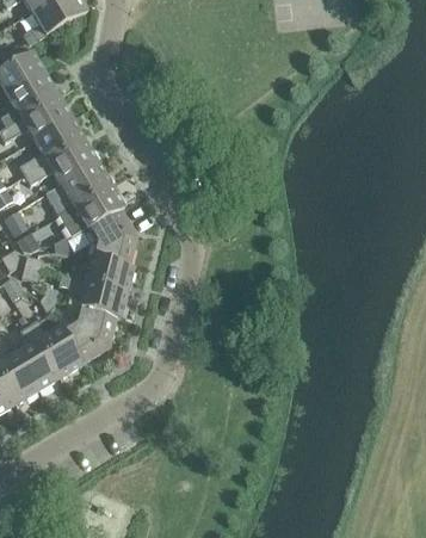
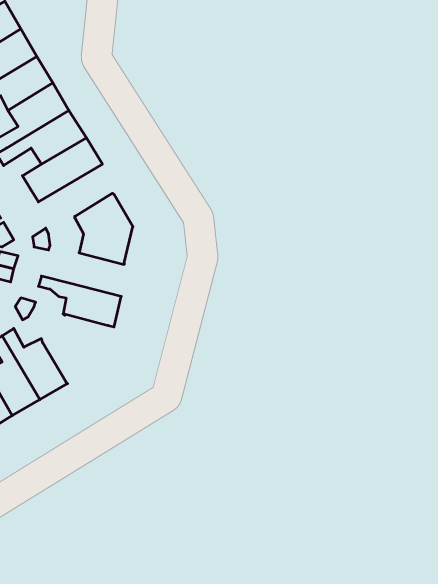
building: [58,184,124,237] -> none
building: [85,255,132,292] -> none
building: [62,307,116,363] -> none

